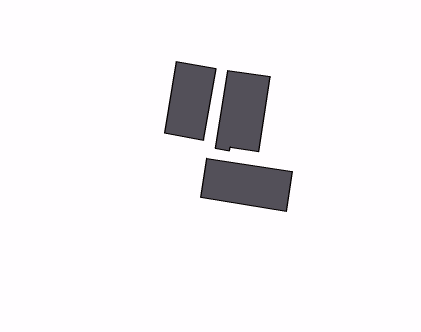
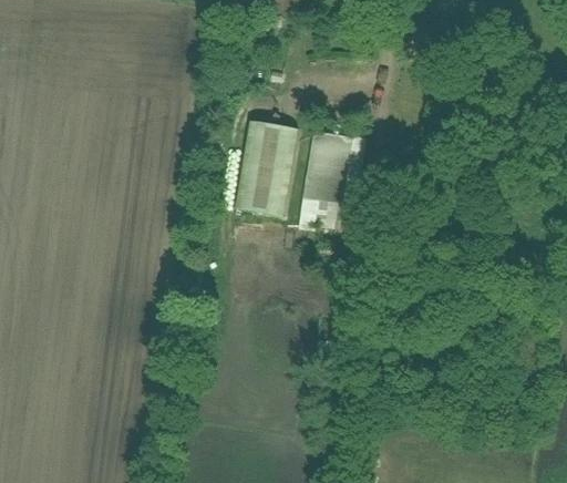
building: [201,158,292,211] -> none

